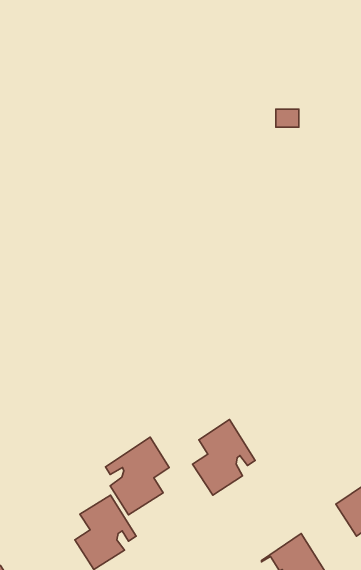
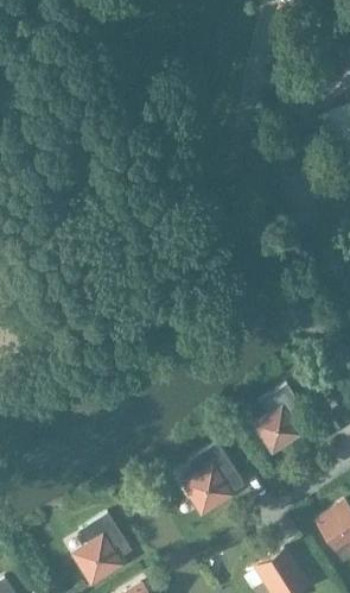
building: none -> [253,384,310,454]
building: [106,437,169,515] -> none

